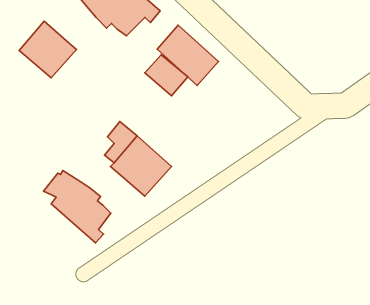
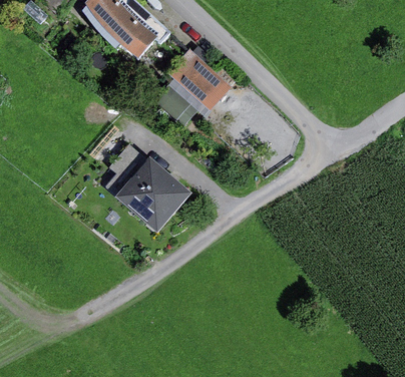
building: [19,21,76,78] -> none
building: [43,170,111,243] -> none

